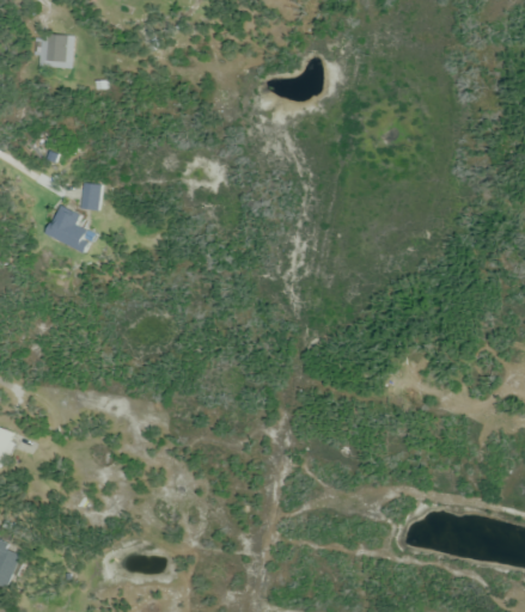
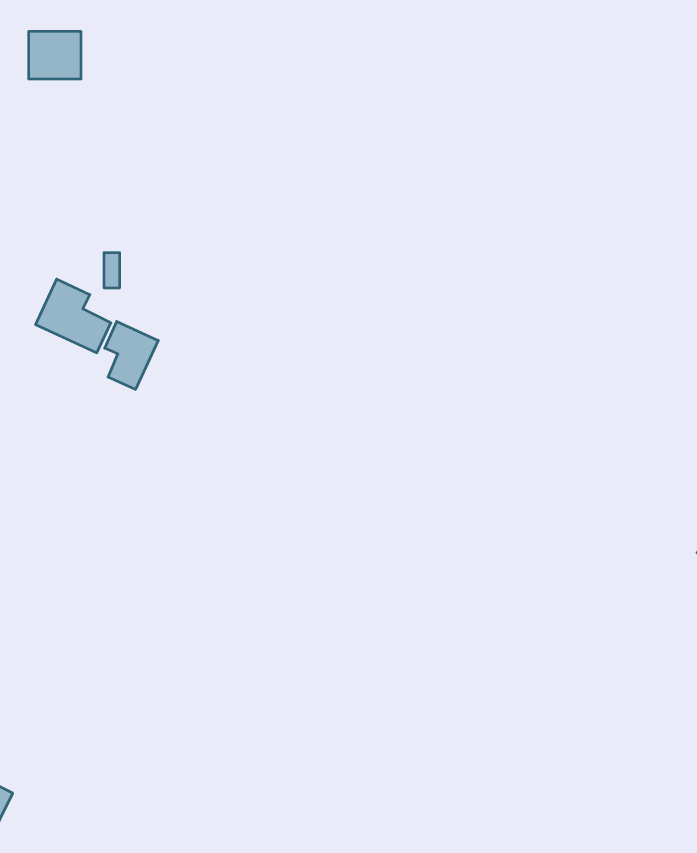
building: none -> [105,321,158,389]

